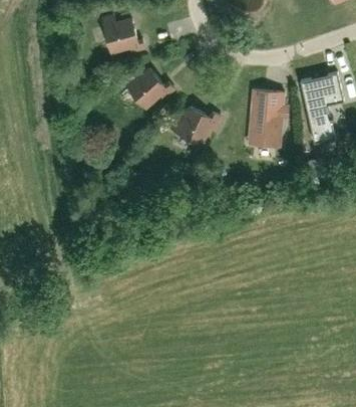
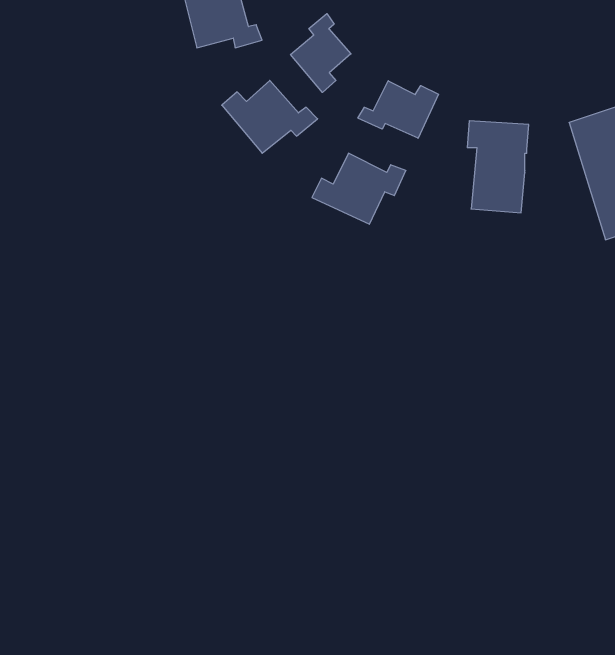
building: none -> [291,14,351,92]
building: none -> [358,81,439,138]

